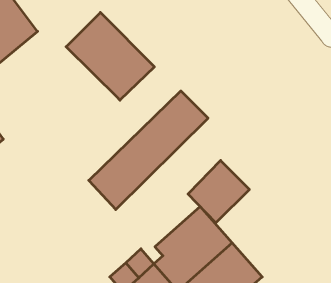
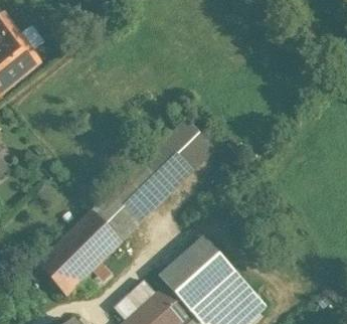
building: [66,12,154,100] -> none
building: [188,160,249,223] -> none
building: none -> [37,209,121,294]

